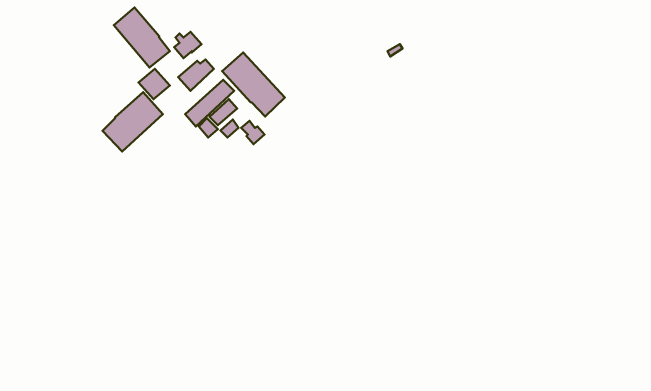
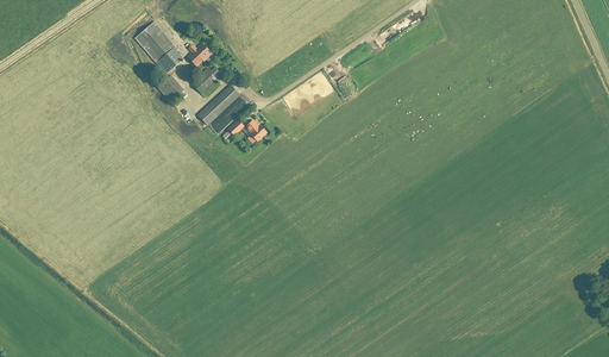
building: [222,53,285,116] -> none
building: [102,92,163,151] -> none

